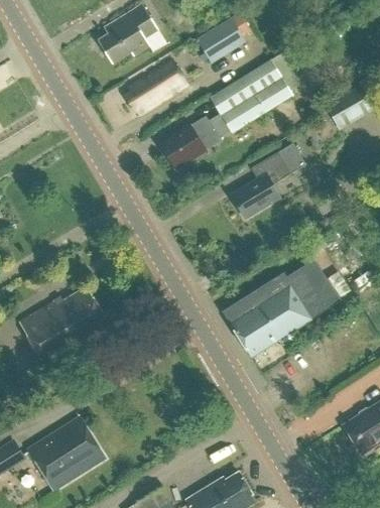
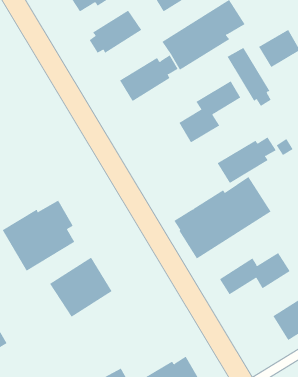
building: none -> [227,47,271,107]
building: none -> [217,136,277,184]
building: none -> [219,252,291,295]
building: [27,416,103,489] -> [49,257,113,317]

